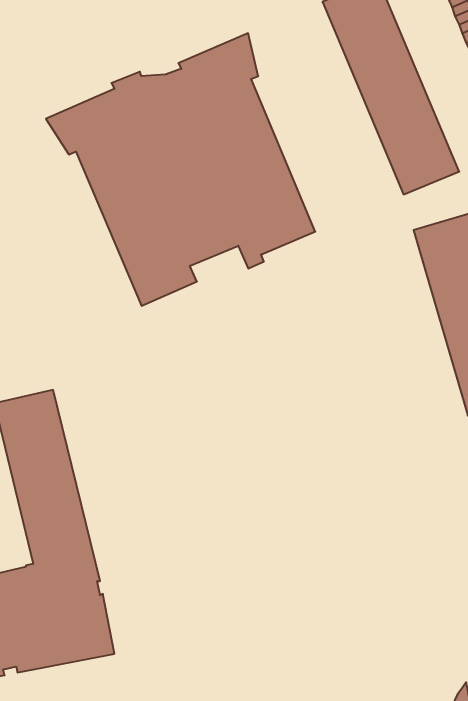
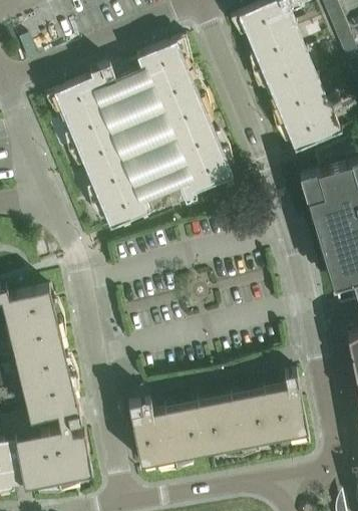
building: none -> [127,371,307,464]

